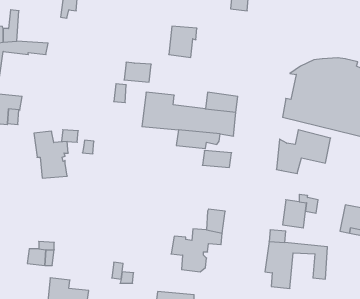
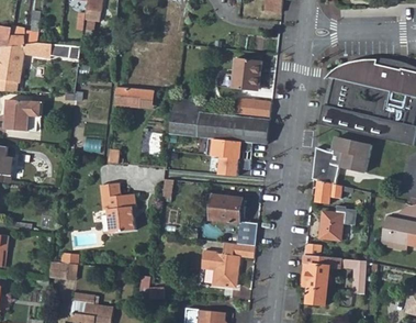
building: [169,26,197,57] -> [231,59,260,92]
building: [124,62,151,82] -> [113,87,142,108]
building: [34,131,68,178] -> [99,182,135,232]
building: none -> [314,180,351,203]
building: none -> [209,193,241,223]

